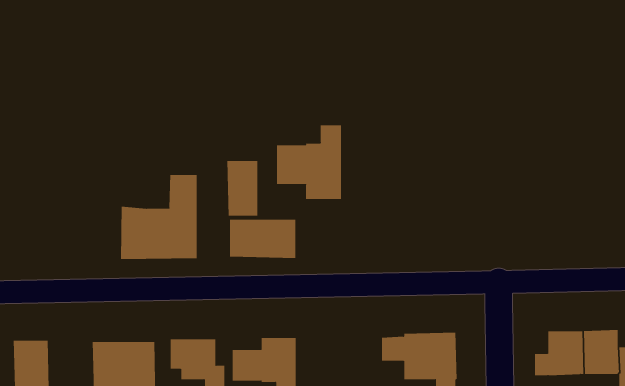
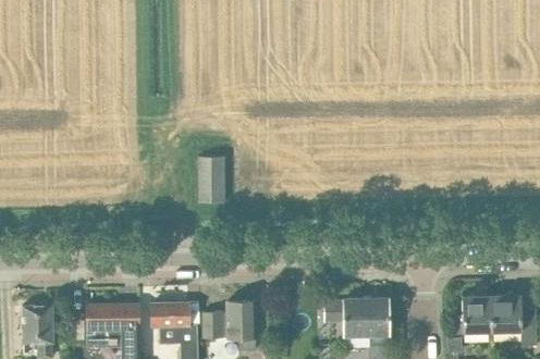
building: [276,124,341,200] -> none
building: [120,174,197,260] -> none
building: [229,219,296,259] -> none

